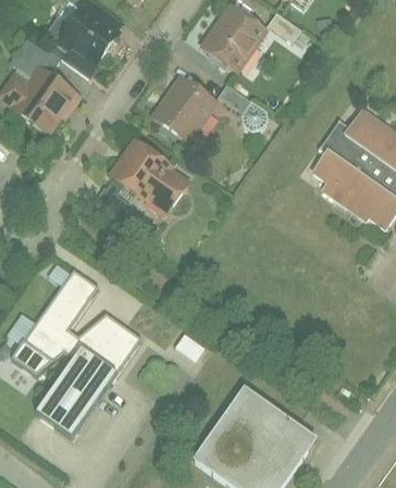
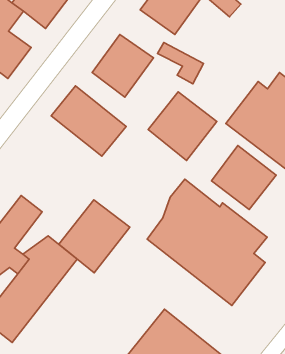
building: none -> [148,92,217,160]
building: none -> [211,145,276,210]
building: none -> [147,179,267,306]
building: none -> [59,200,130,273]

